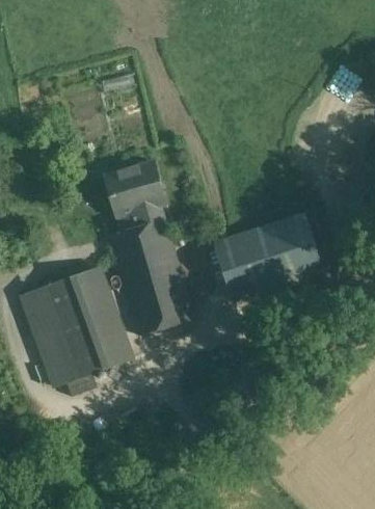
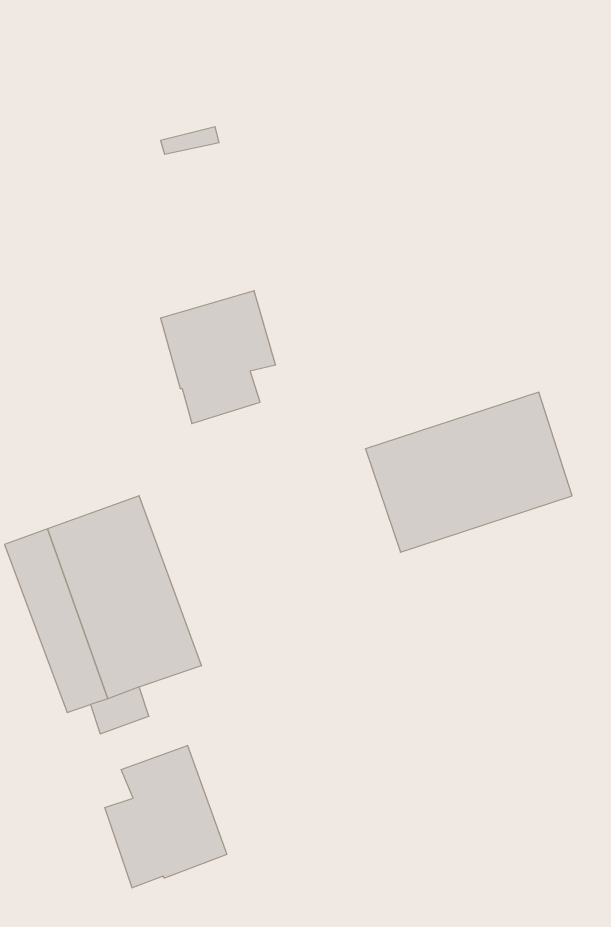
building: [110,216,194,332] -> none
building: none -> [105,745,227,888]

